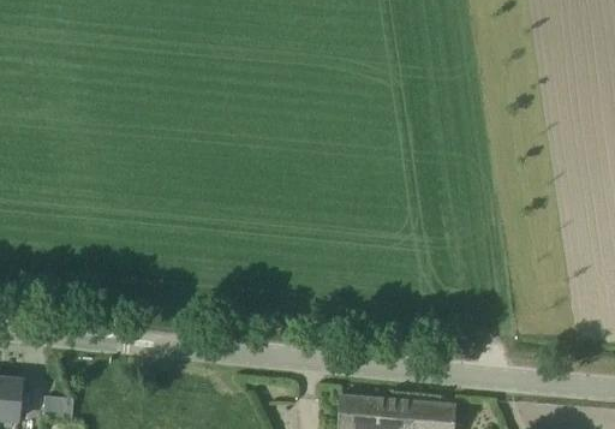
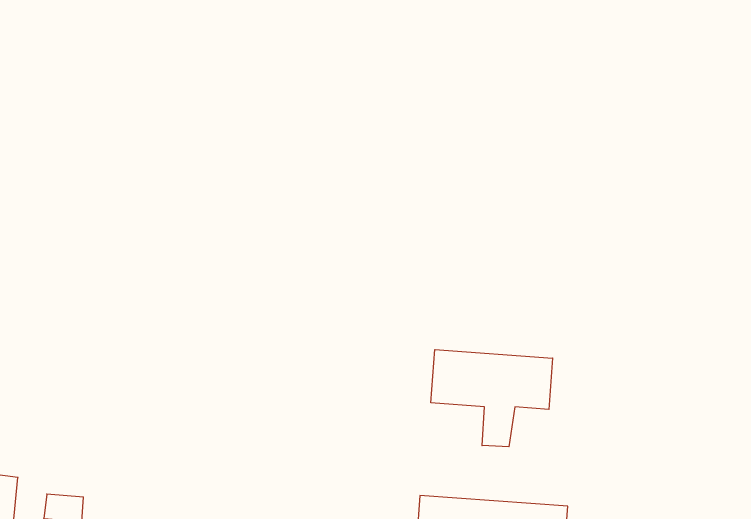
building: none -> [431,350,553,447]

